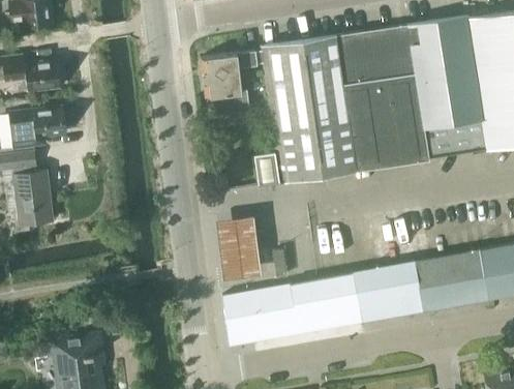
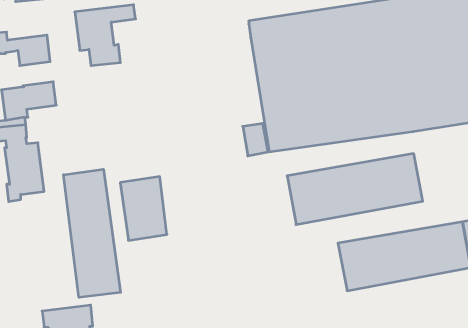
building: [202,50,264,112] -> [75,5,136,66]
building: none -> [64,169,121,297]
building: [213,215,261,280] -> [120,177,167,240]
building: [223,273,362,346] -> [287,154,423,225]

